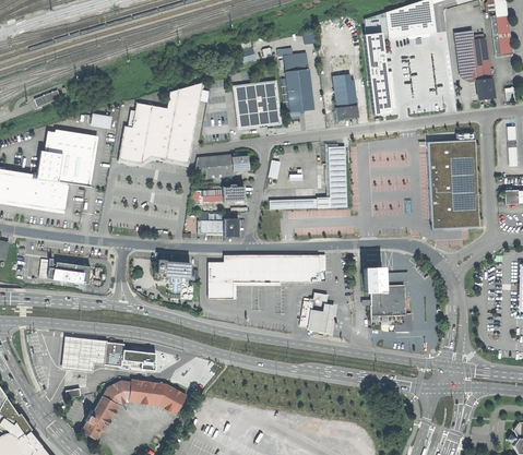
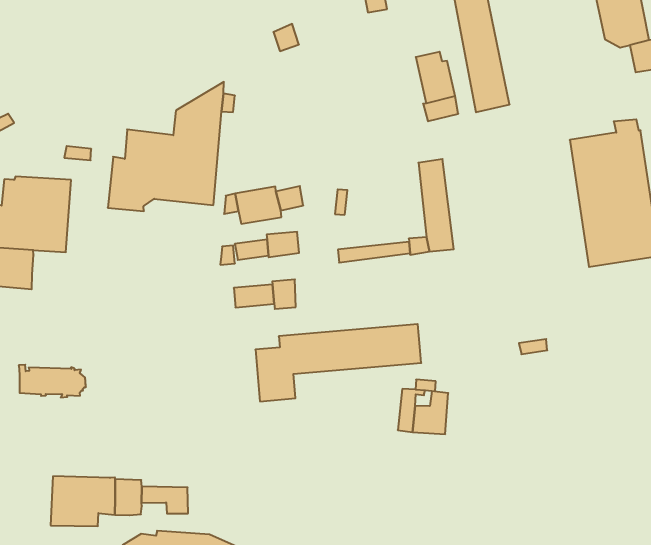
building: [284,53,313,115] -> none
building: [237,83,282,125] -> none
building: [155,260,190,279] -> none
building: [364,267,406,331] -> none

